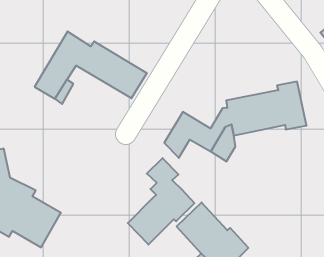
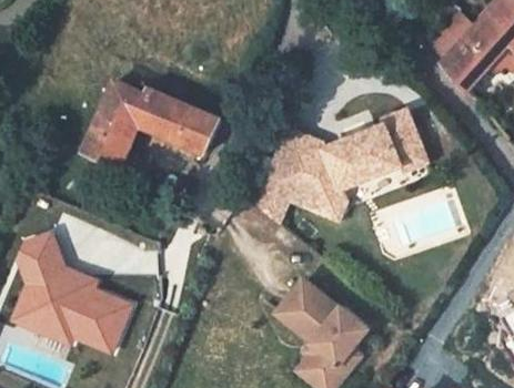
building: none -> [269,129,323,182]
building: [128,158,194,245] -> none

